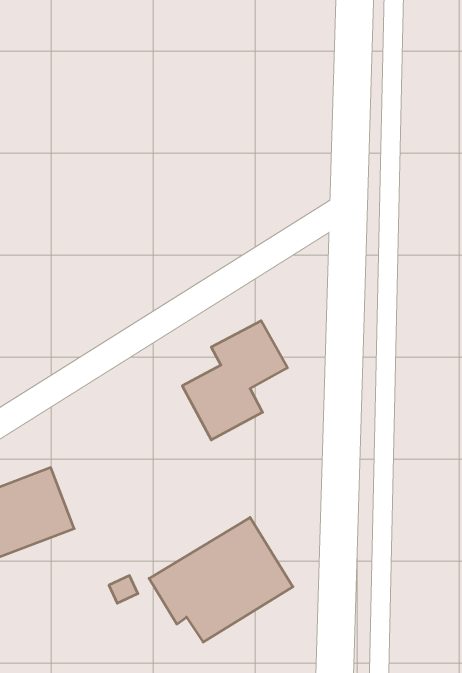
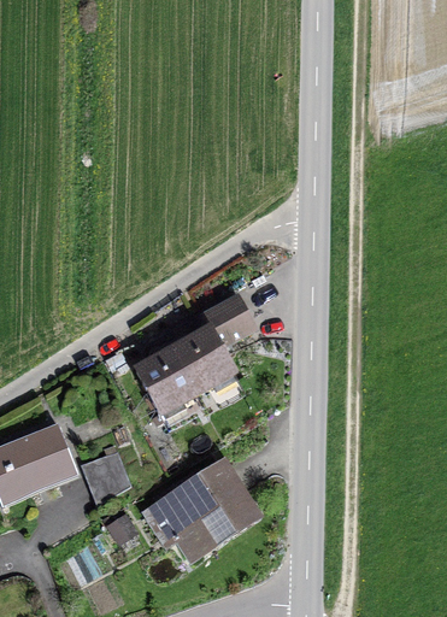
building: none -> [133,348,195,416]
building: none -> [80,451,131,504]

